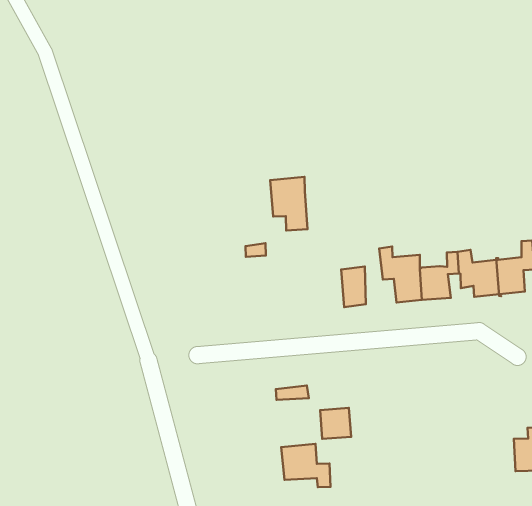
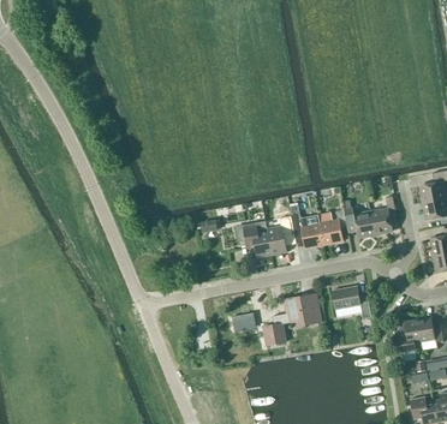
building: [270,177,308,230] -> [243,220,272,257]
building: none -> [332,286,371,318]
building: [281,444,330,487] -> [285,294,321,323]

